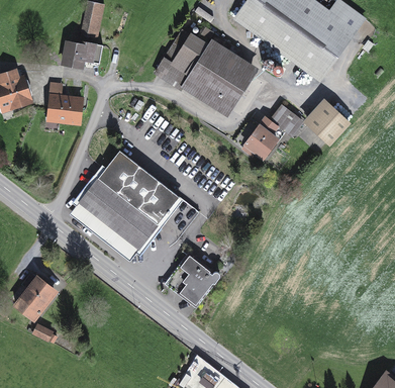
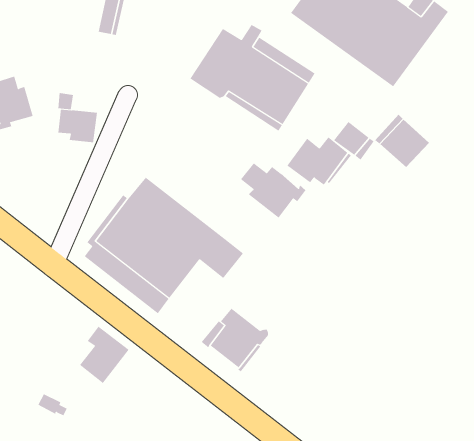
building: [64,41,103,67] -> none
building: none -> [240,162,306,219]
building: [16,273,57,319] -> [79,326,130,384]

